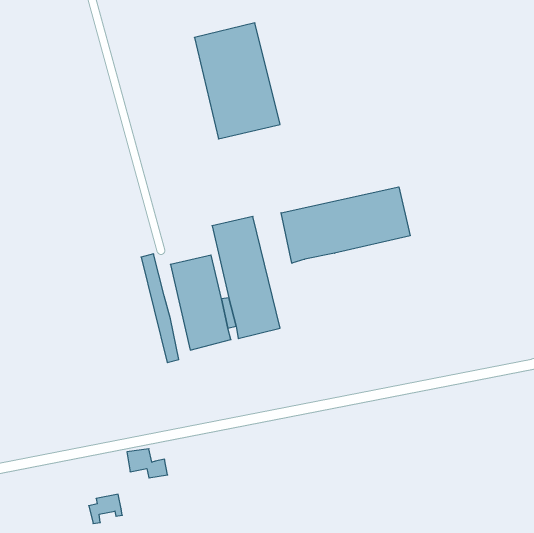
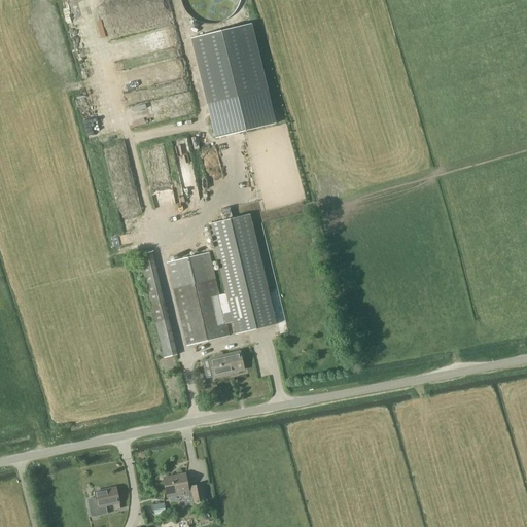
building: [281,187,410,263] -> none
building: none -> [202,351,244,377]
building: [127,449,168,478] -> [164,473,204,502]

